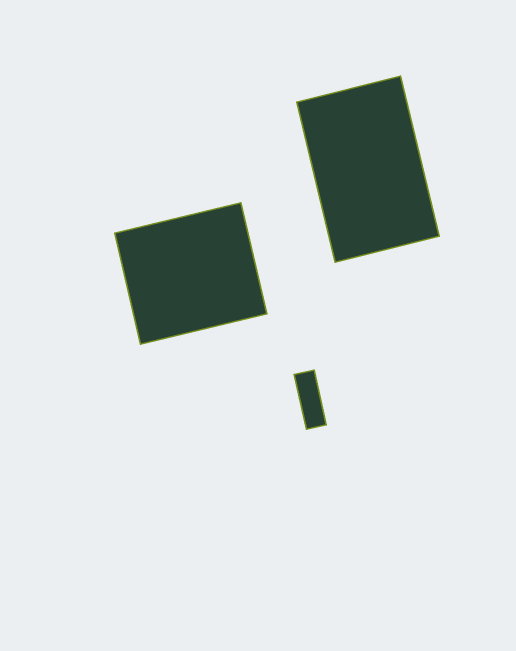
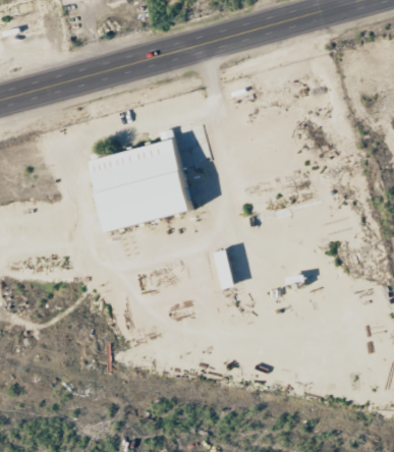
building: [297,76,439,262] -> none

